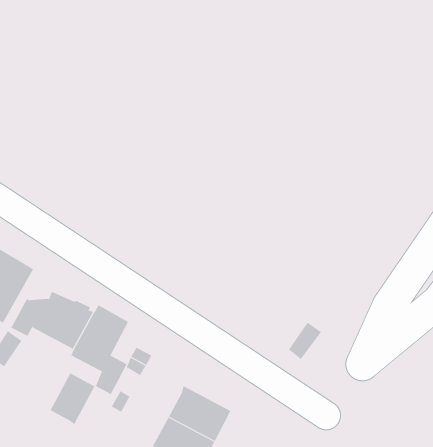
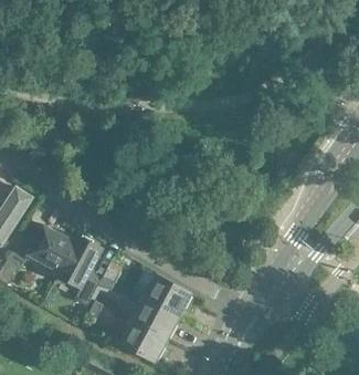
building: none -> [142,275,190,317]
building: [50,373,95,425] -> none

